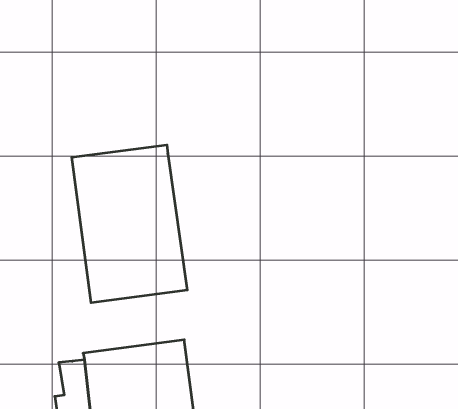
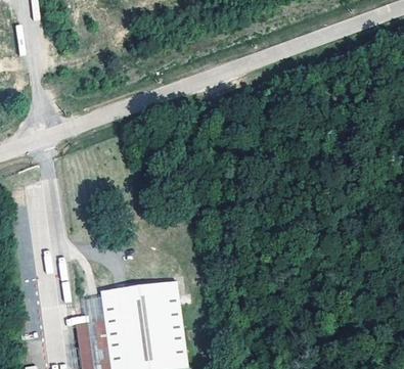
building: [72,145,187,303] -> none

